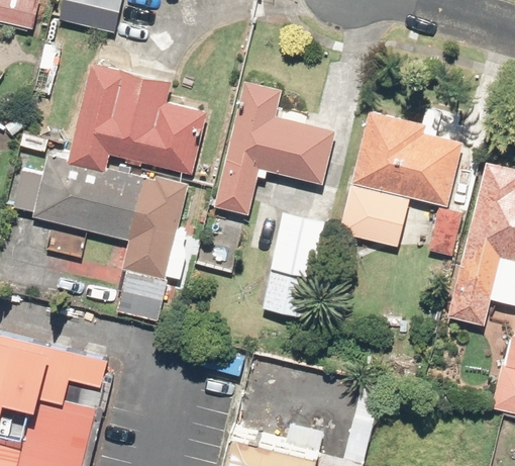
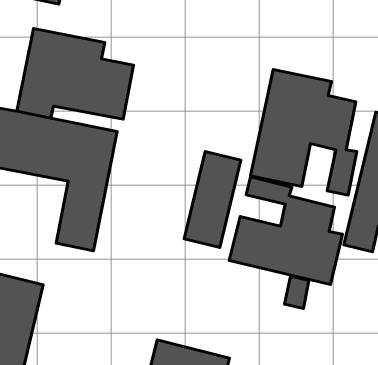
building: [215,81,333,213] -> none
building: none -> [229,177,342,284]

